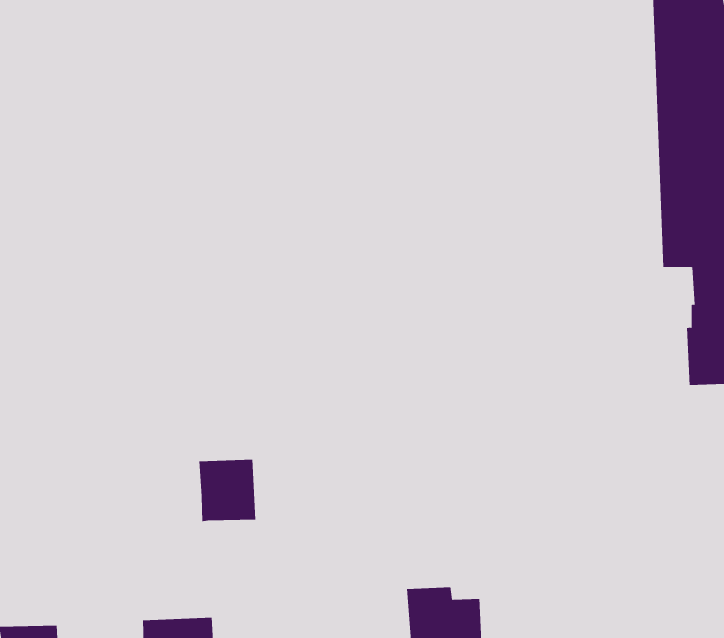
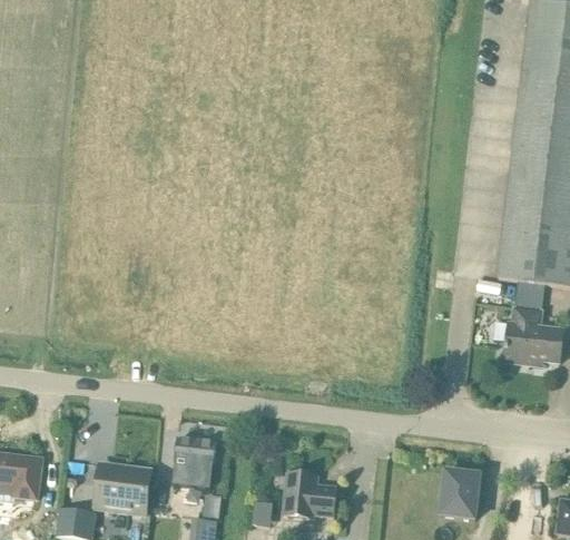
building: [199,459,256,522] -> [173,435,215,482]
building: none -> [441,468,481,518]

